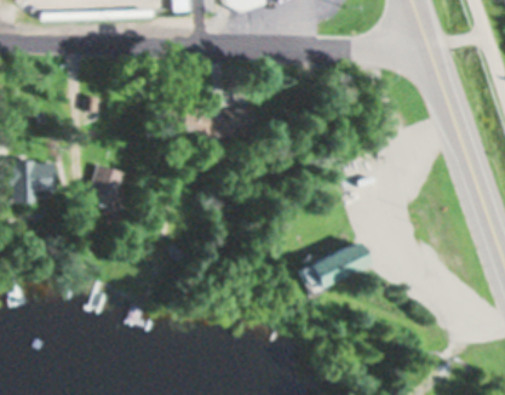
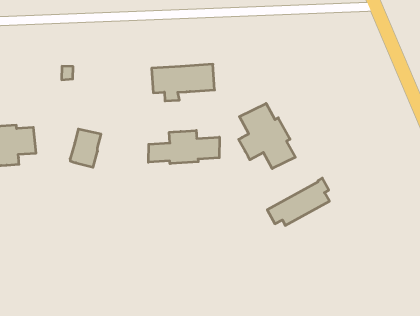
building: none -> [239,103,295,169]
building: none -> [148,130,219,164]

